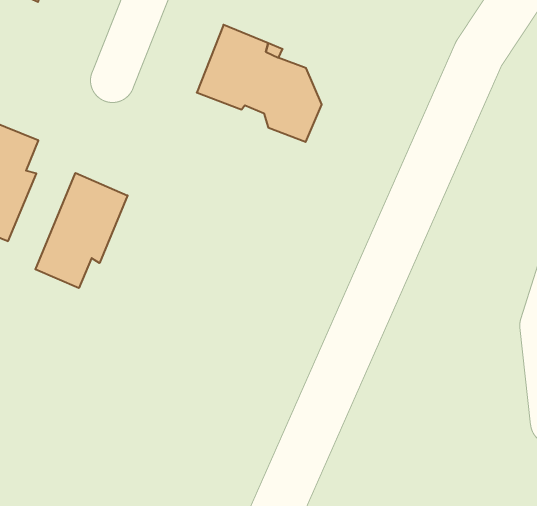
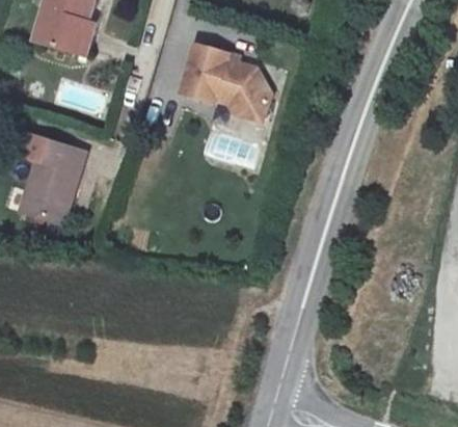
building: [35,173,128,288] -> none

